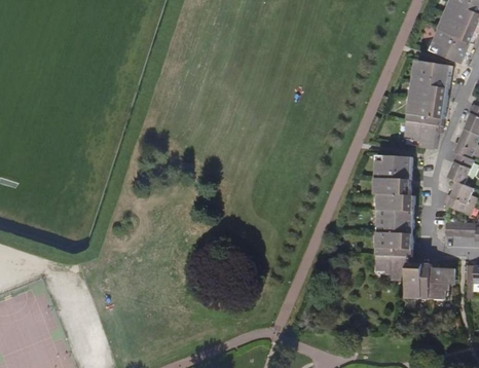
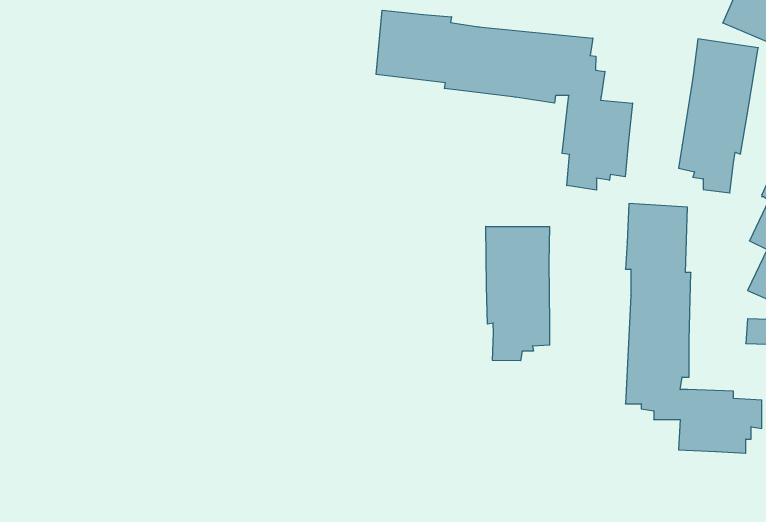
building: none -> [376,10,632,190]
building: none -> [486,226,550,361]

